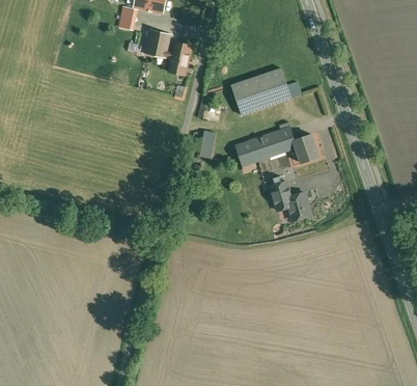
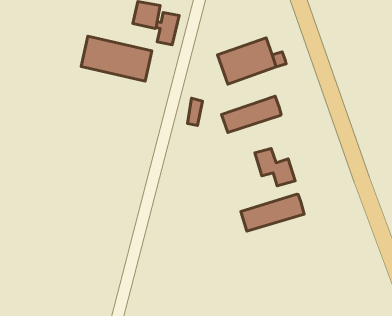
building: none -> [81,36,152,81]
building: [295,134,318,163] -> none
building: none -> [241,194,304,231]

